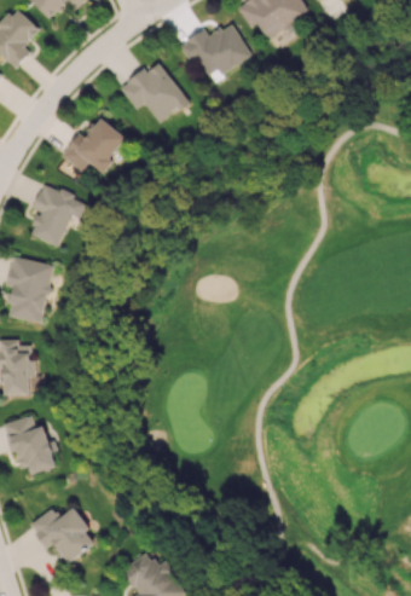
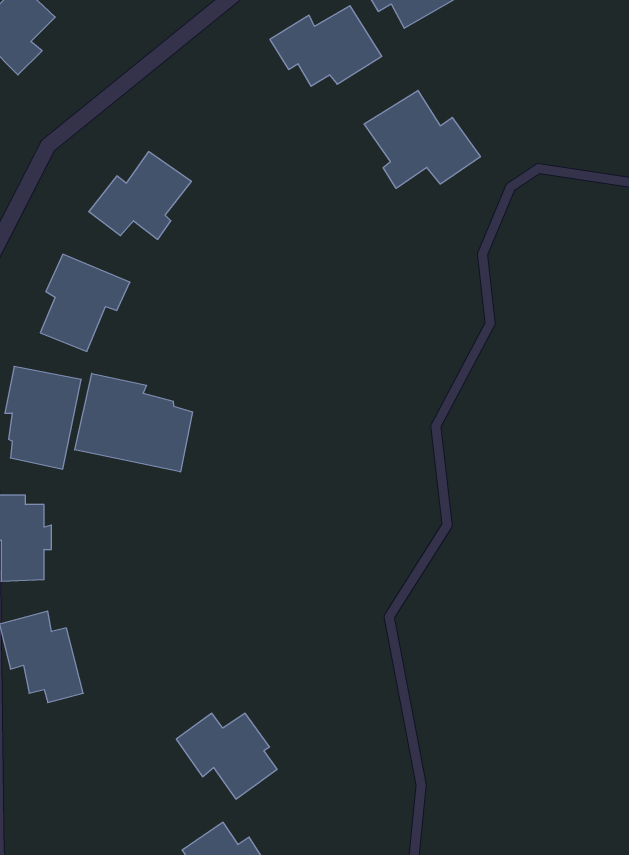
building: [118,63,187,123] -> none
building: none -> [364,90,480,188]
building: none -> [75,373,193,472]
building: [29,508,94,563] -> [176,713,277,799]

